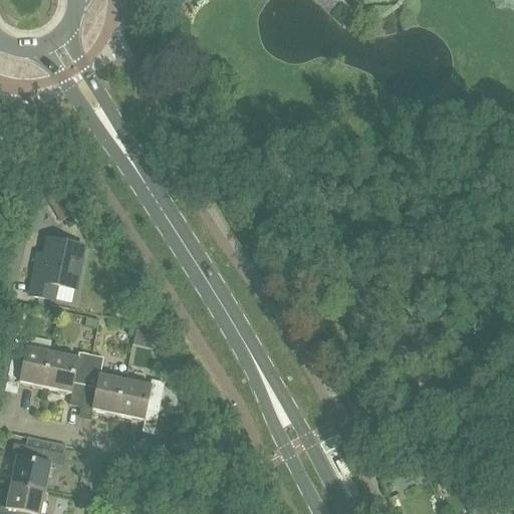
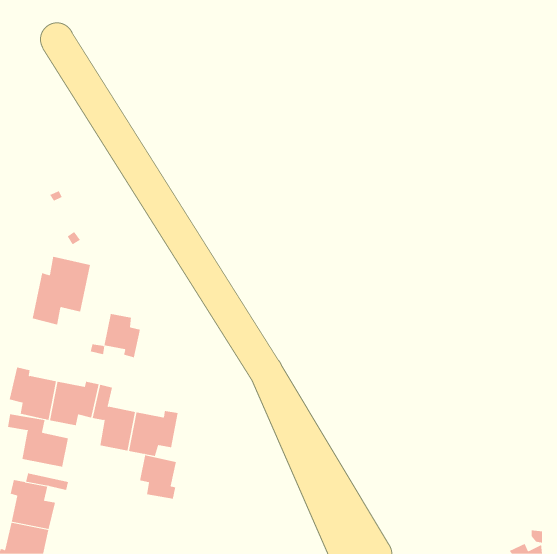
building: none -> [104,313,140,358]
building: none -> [8,414,69,468]
building: none -> [140,454,176,500]

